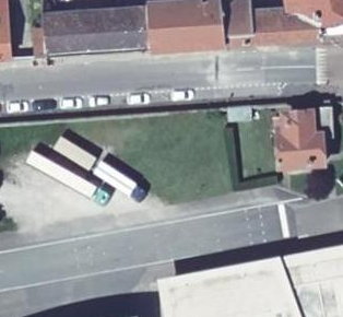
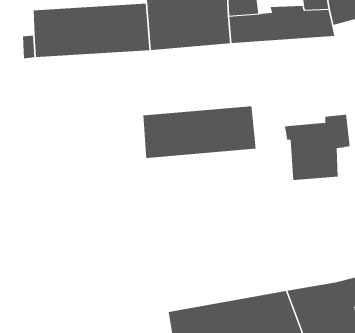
building: none -> [143,106,256,159]

